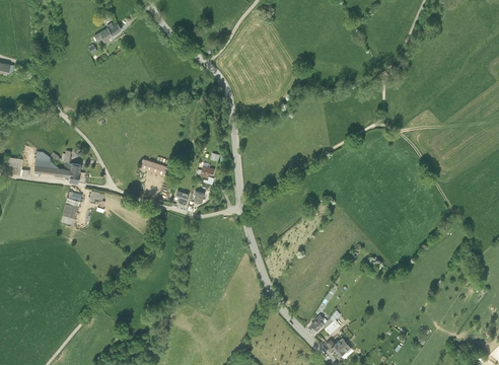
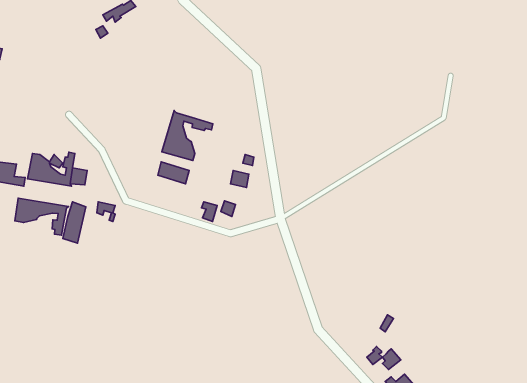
building: none -> [162,110,213,161]
building: none -> [15,198,69,235]

